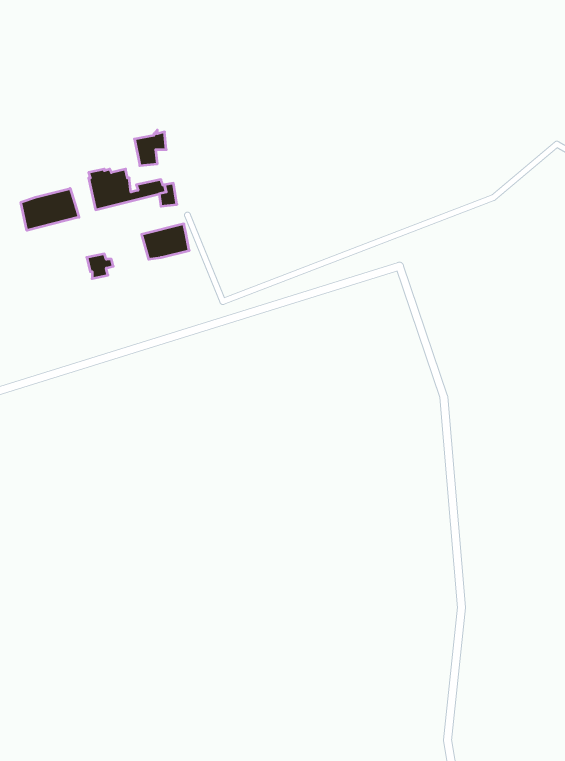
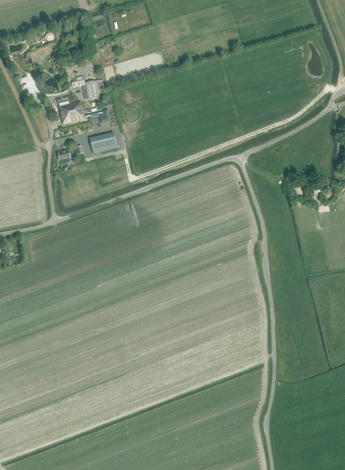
building: [21,188,79,230] -> none

